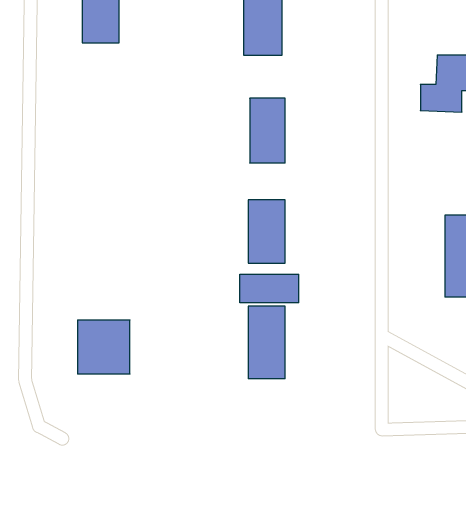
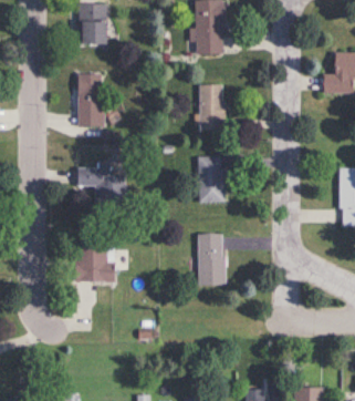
building: none -> [77,73,103,125]
building: none -> [77,161,125,205]
building: [240,274,299,303] -> none

